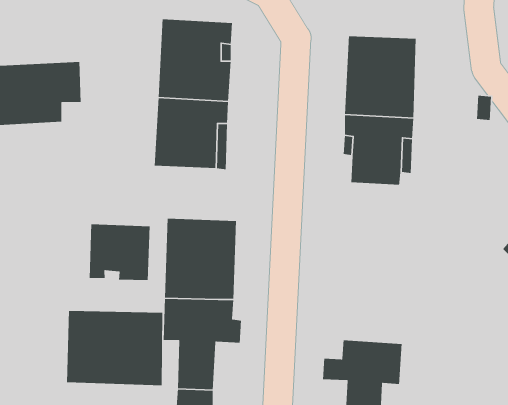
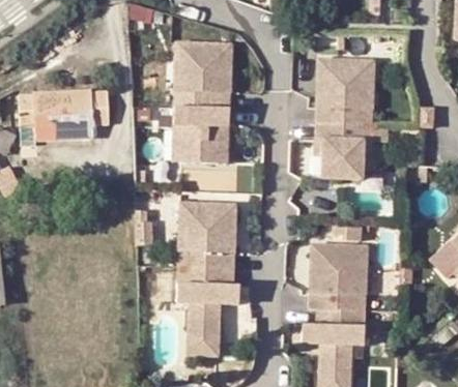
building: [89,224,150,281] -> none
building: none -> [310,242,370,309]
building: [66,310,163,386] -> none

